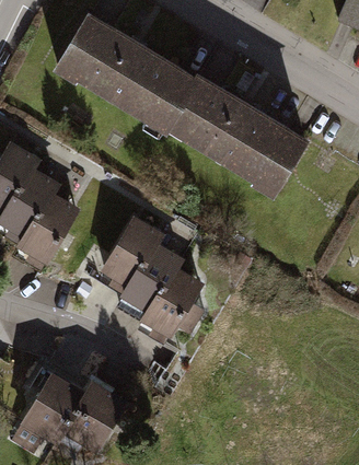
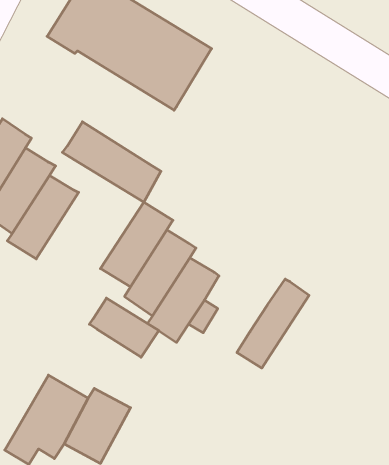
building: [165,73,308,194] -> none
building: none -> [62,122,161,202]
building: none -> [237,279,309,368]
building: none -> [89,298,159,357]

